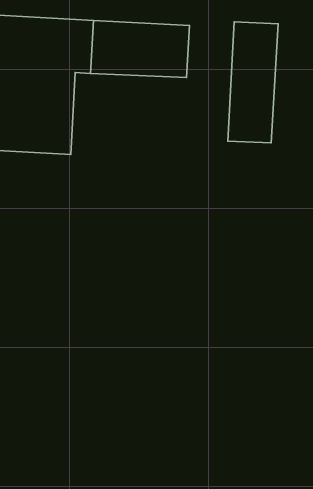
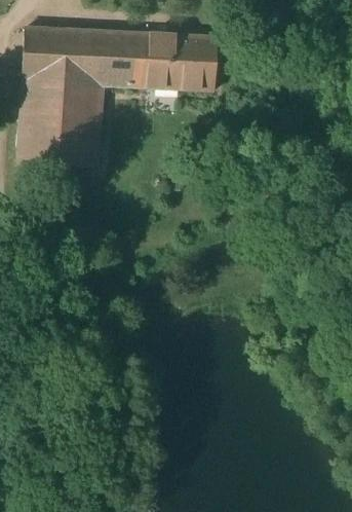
building: [228,22,278,143] -> none

